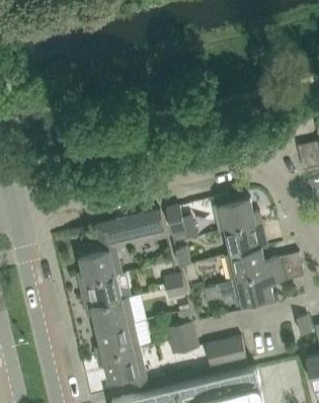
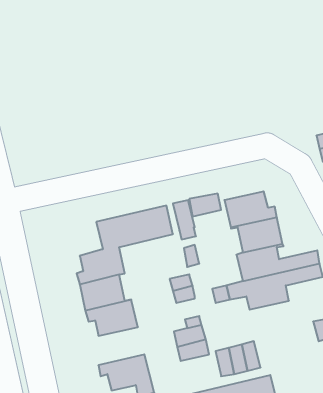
building: [95,320,152,358] -> none

